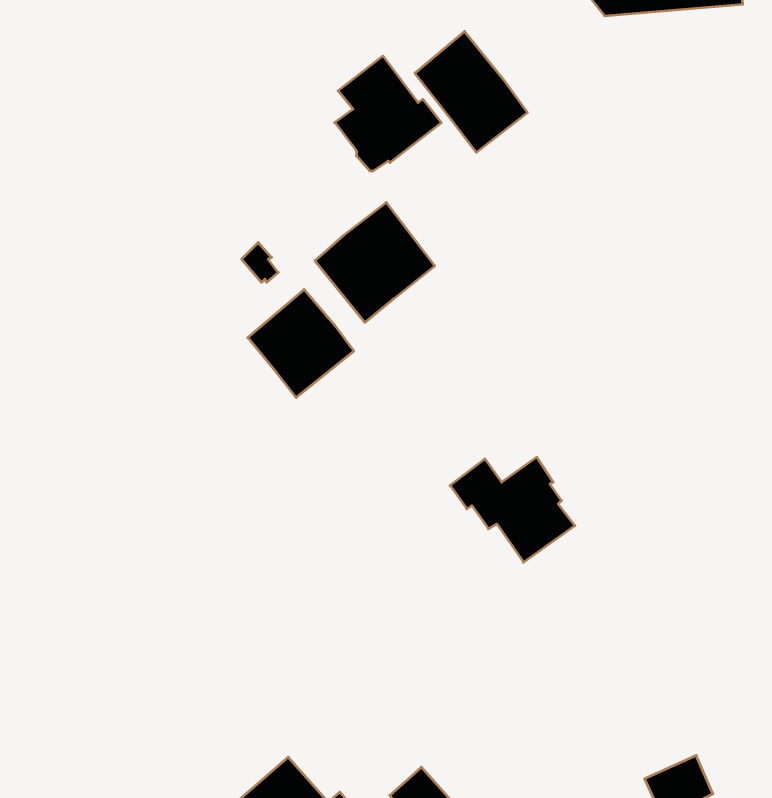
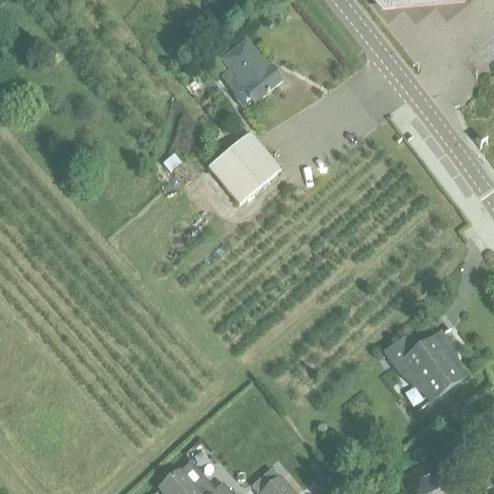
building: [415,31,527,152] -> none
building: [248,289,354,398] -> none
building: [450,457,575,562] -> [388,336,463,399]

